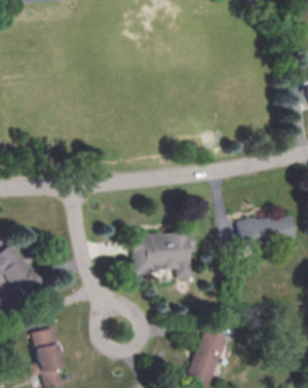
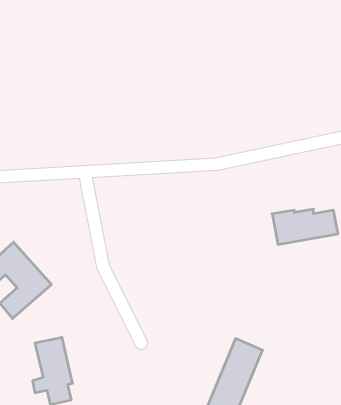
building: [131,227,197,280] -> none

